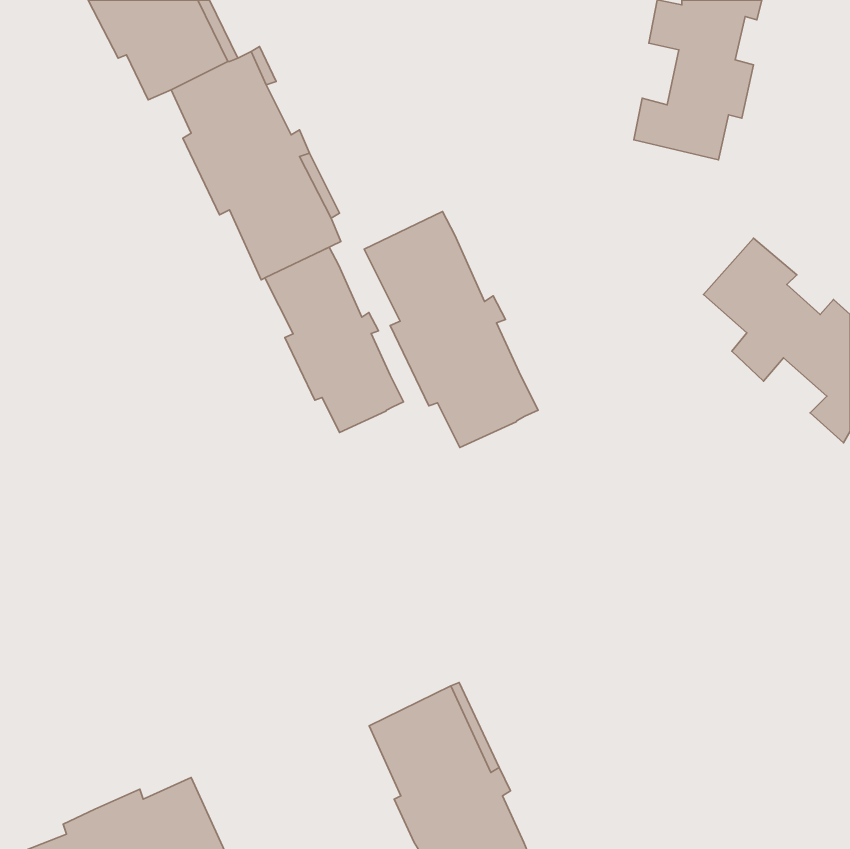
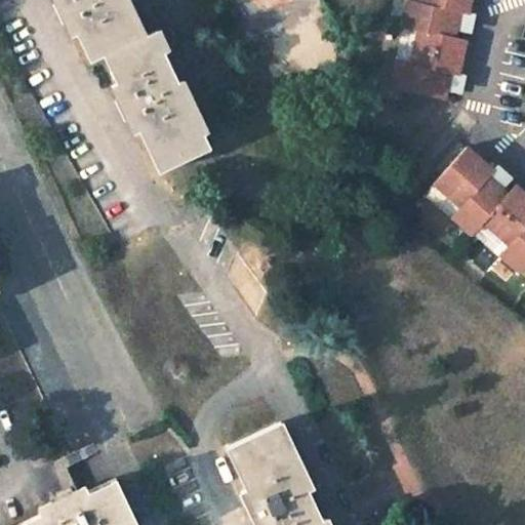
building: [364,212,538,448] -> none
building: [265,247,404,432] -> none

